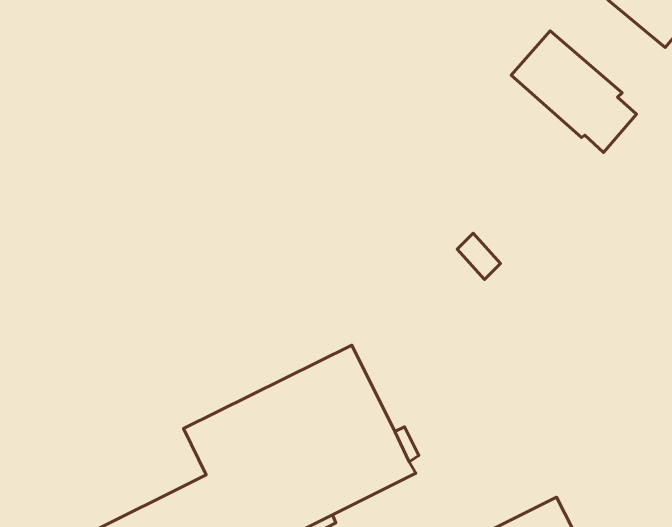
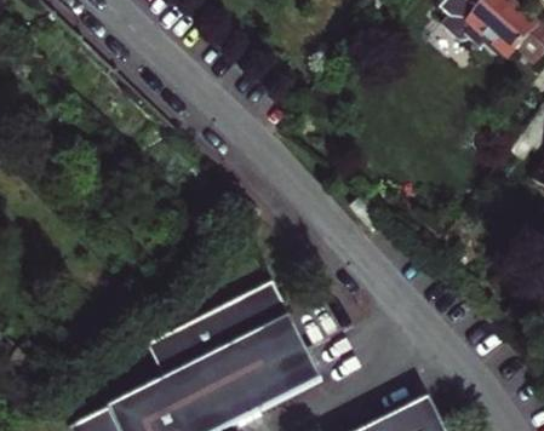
building: [511,31,636,153] -> none

